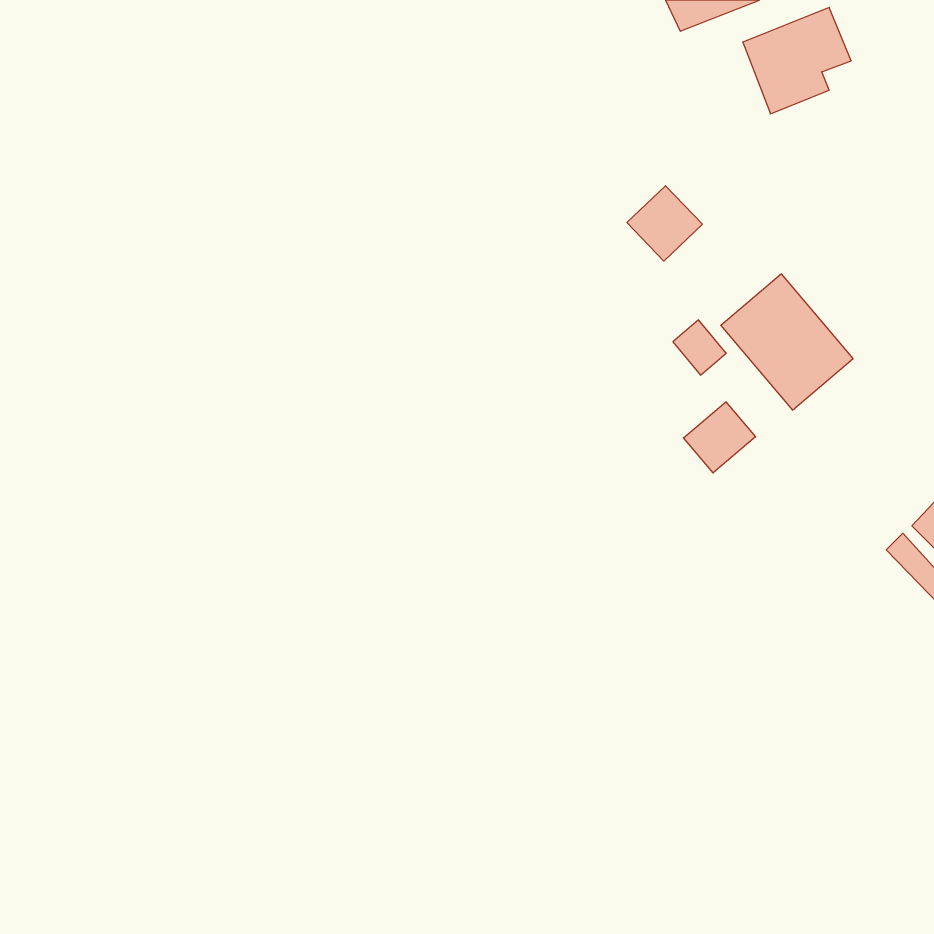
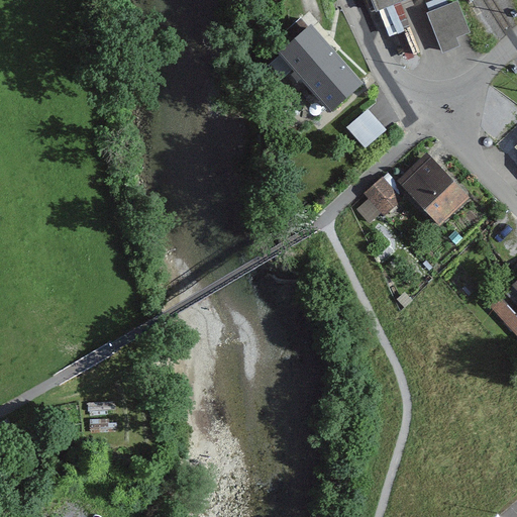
building: none -> [274,19,360,109]
building: [683,402,756,473] -> none

